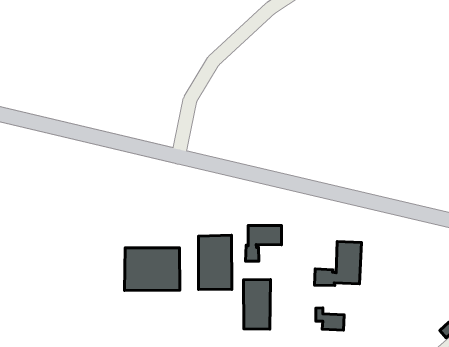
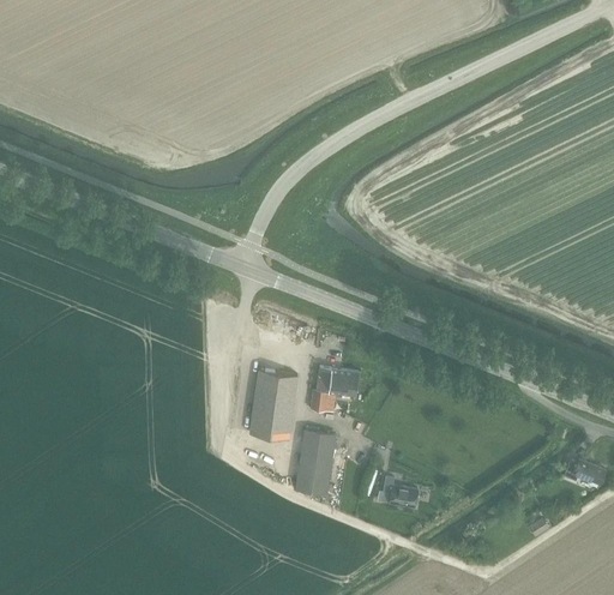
building: [314,241,362,285] -> none
building: [124,248,180,290] -> none

